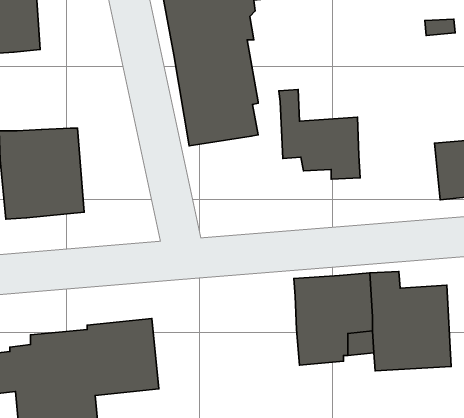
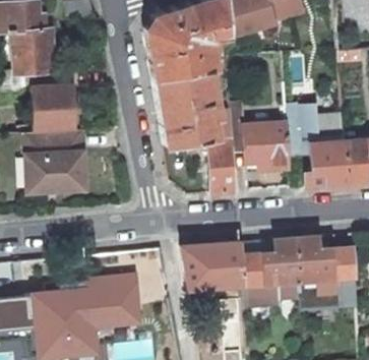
building: none -> [35,86,76,133]
building: none -> [287,110,349,187]
building: none -> [209,112,236,194]
building: none -> [182,242,243,289]

